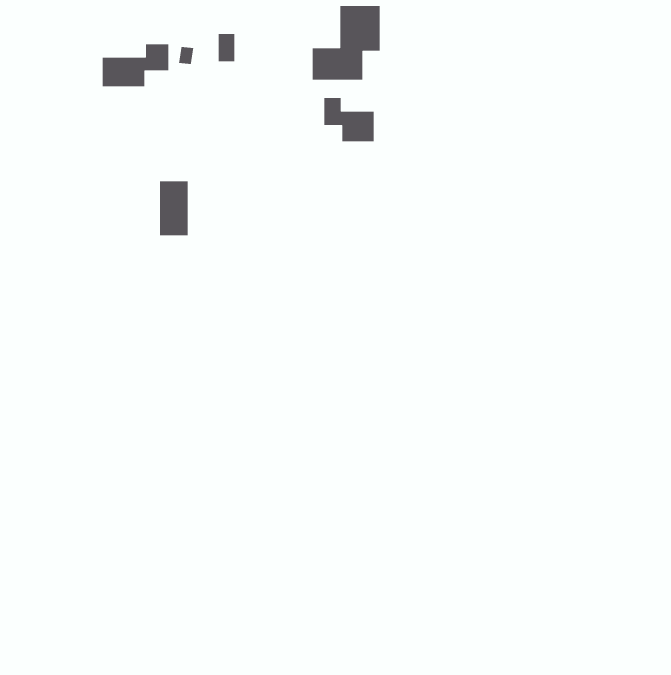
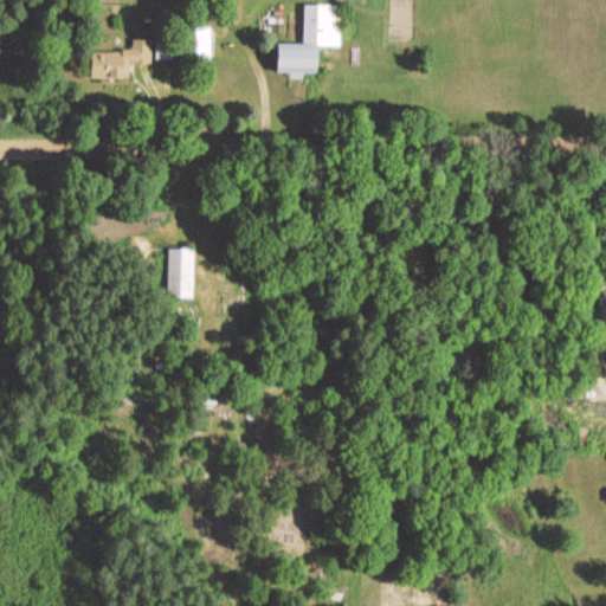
building: [324,97,375,142] -> none
building: [159,181,188,236] -> [167,249,193,298]

